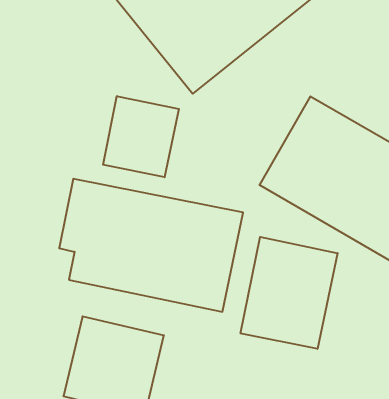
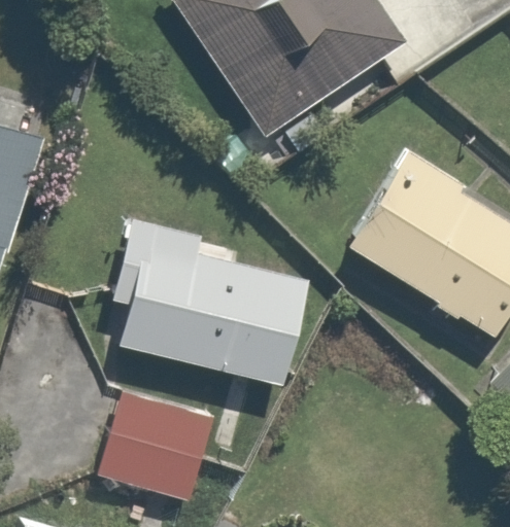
building: [103,96,179,177] -> none
building: [241,237,338,349] -> none

